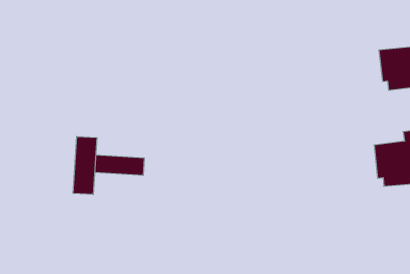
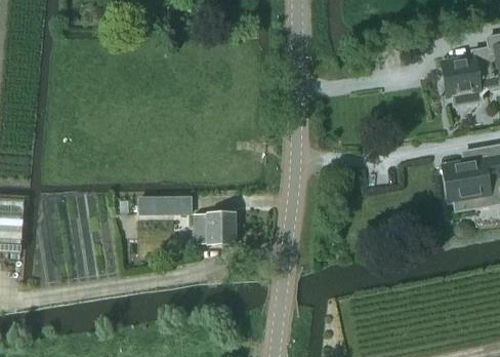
building: [73,136,97,195] -> none
building: none -> [193,213,235,244]

